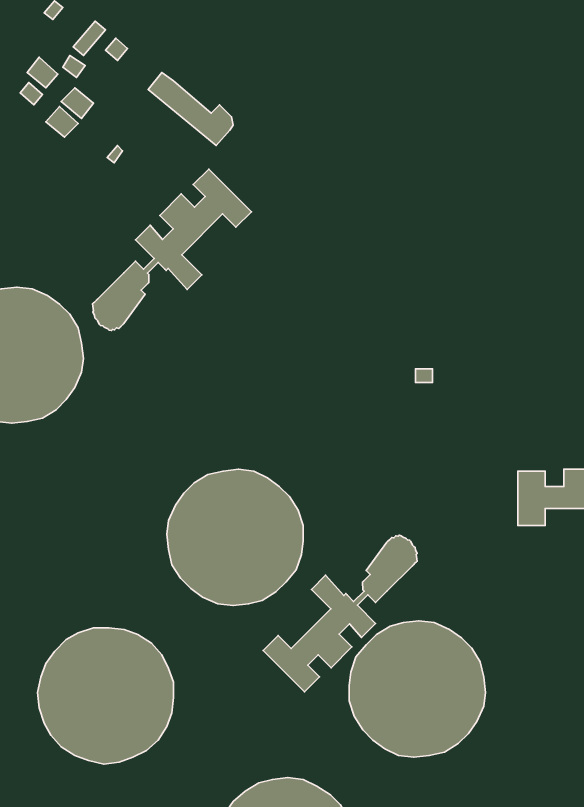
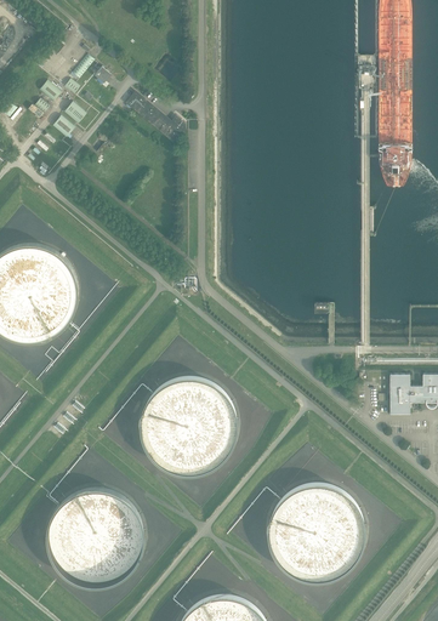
building: [93,169,252,331] -> none
building: [263,535,417,692] -> none

